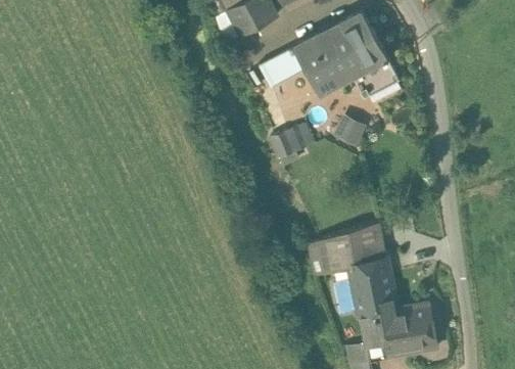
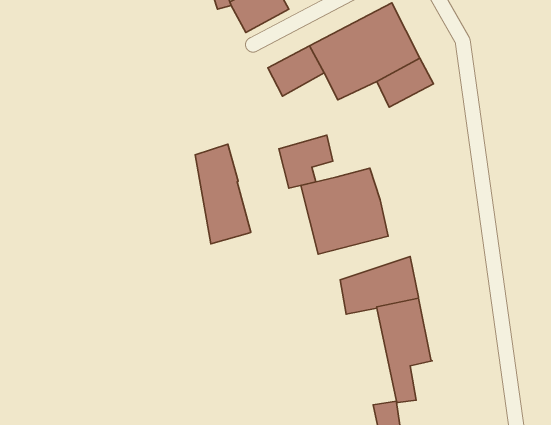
building: [332,112,368,146] -> none
building: none -> [195,144,251,244]
building: none -> [301,168,388,254]
building: [378,304,438,357] -> none

